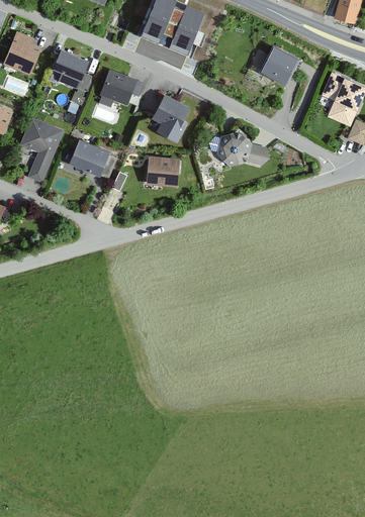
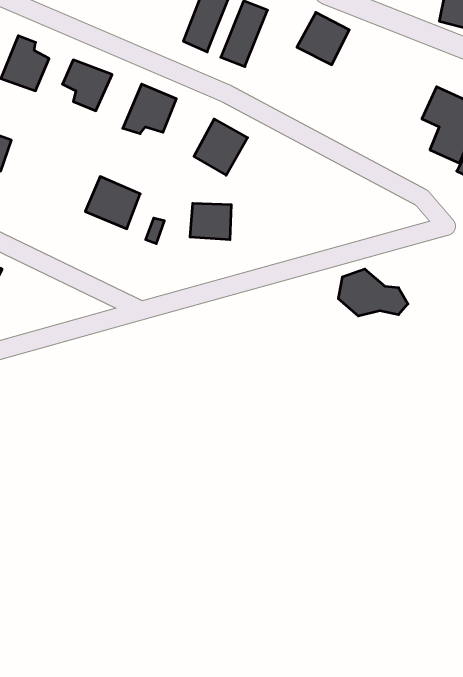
building: [261,46,300,86] -> [297,12,349,65]
building: [20,115,64,181] -> none
building: [217,130,270,166] -> [338,269,408,316]

